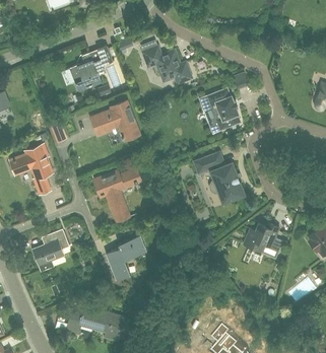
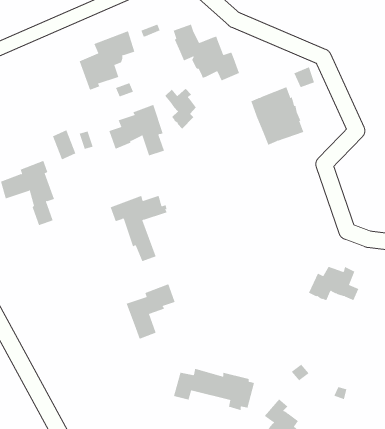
building: none -> [165,88,196,129]
building: [194,151,245,202] -> none
building: [34,228,68,270] -> none
building: [66,307,128,340] -> [173,368,255,411]

